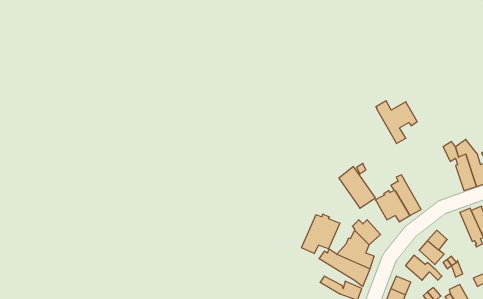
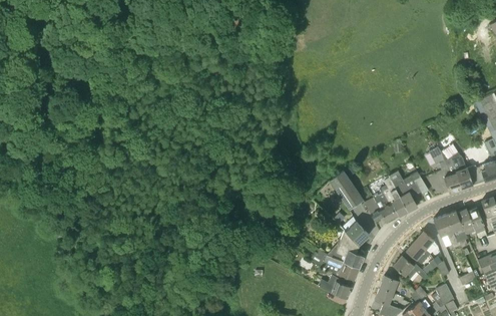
building: [376,101,417,143] -> [388,171,428,212]
building: none -> [433,215,461,249]
building: [301,214,340,254] -> none

